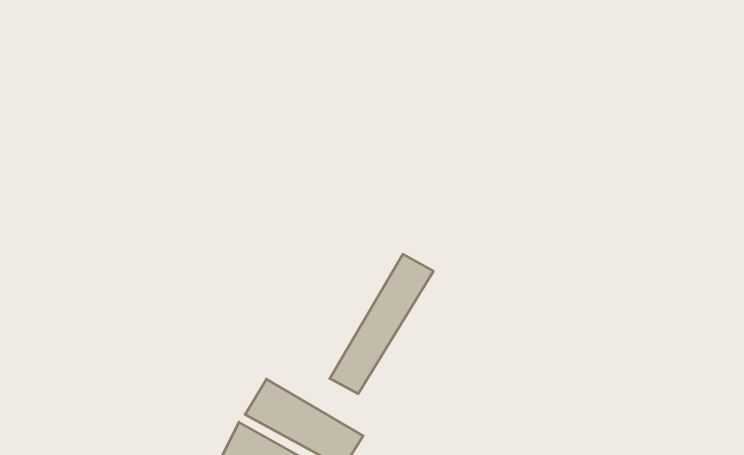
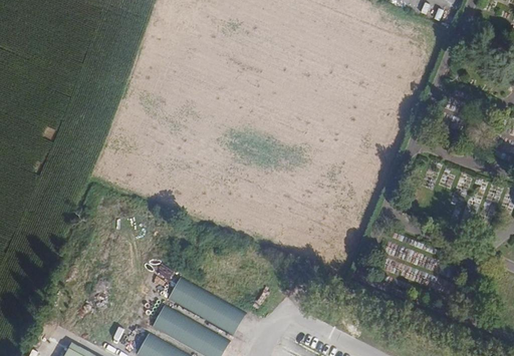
building: [330,254,433,394] -> none

